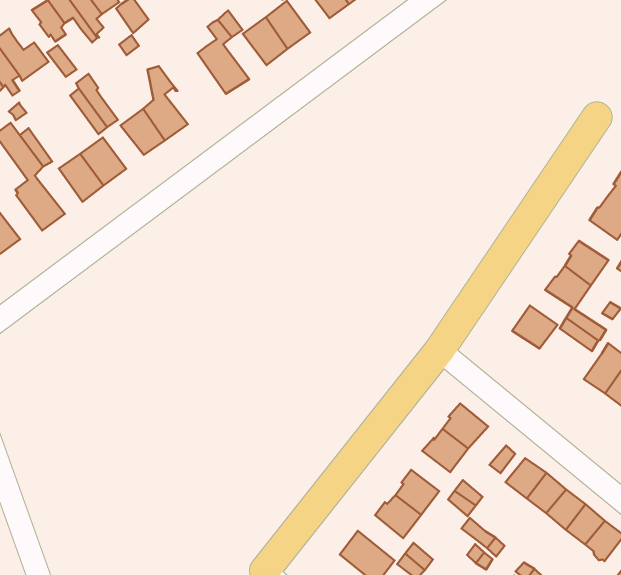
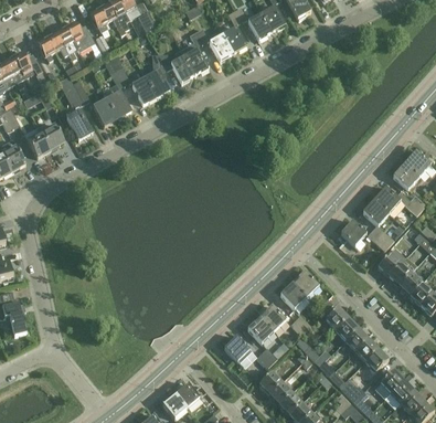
building: none -> [158,50,194,83]

